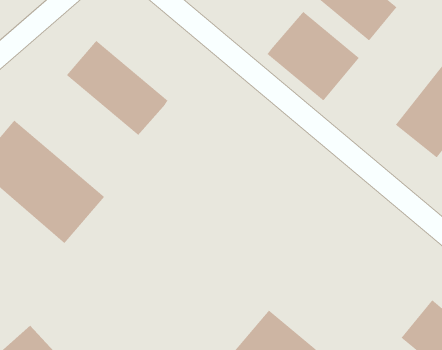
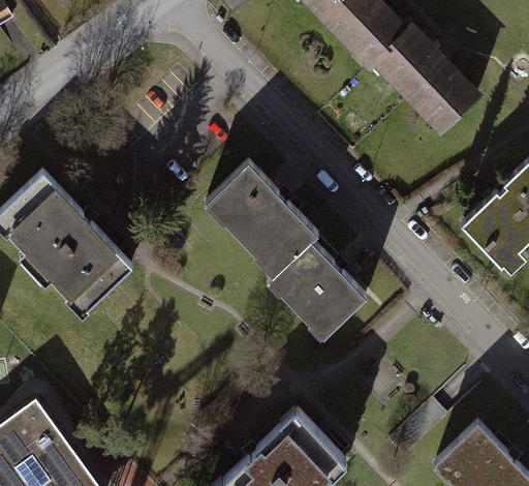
building: [267,11,360,101] -> none
building: [66,40,168,136] -> none
building: none -> [205,163,368,342]

